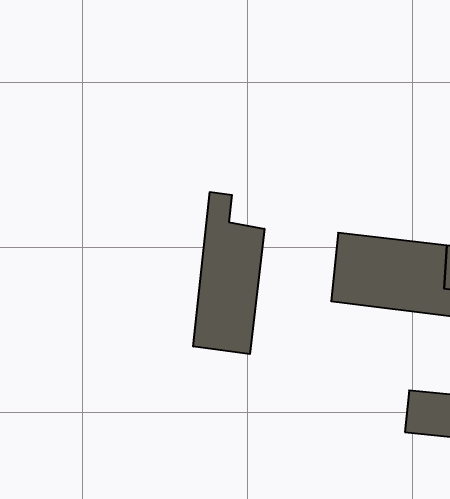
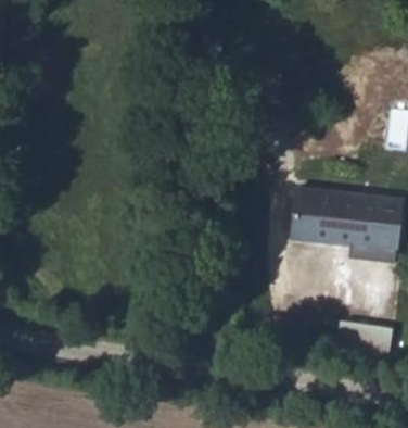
building: [193,192,264,354] -> none

